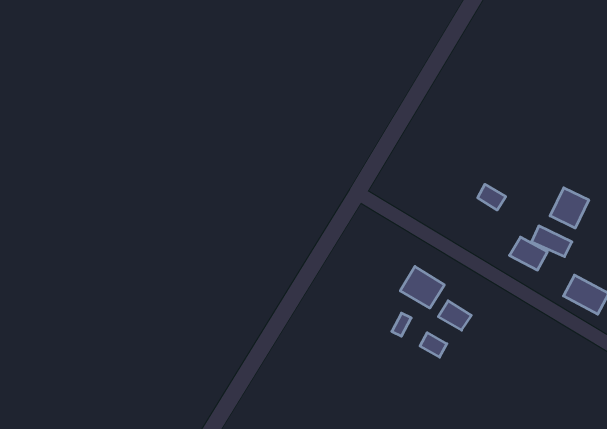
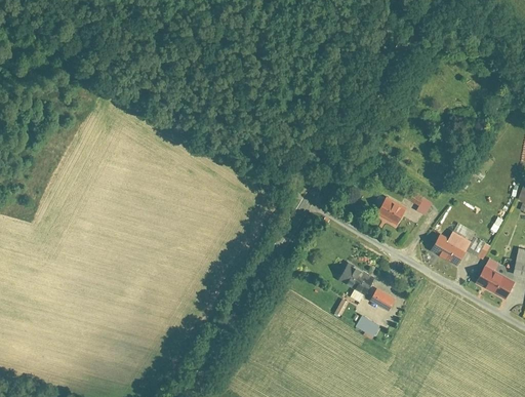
building: [550,188,589,228] -> none
building: none -> [377,196,407,223]

